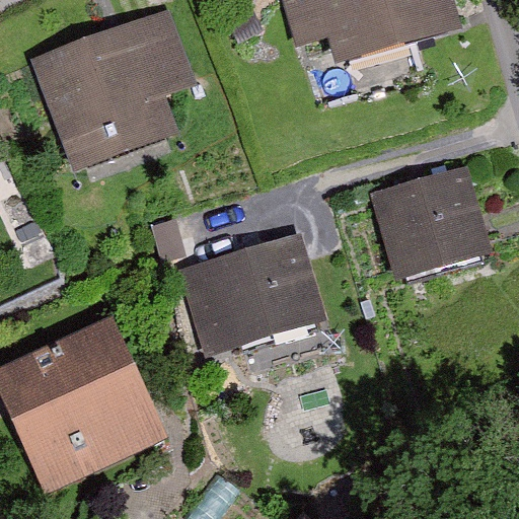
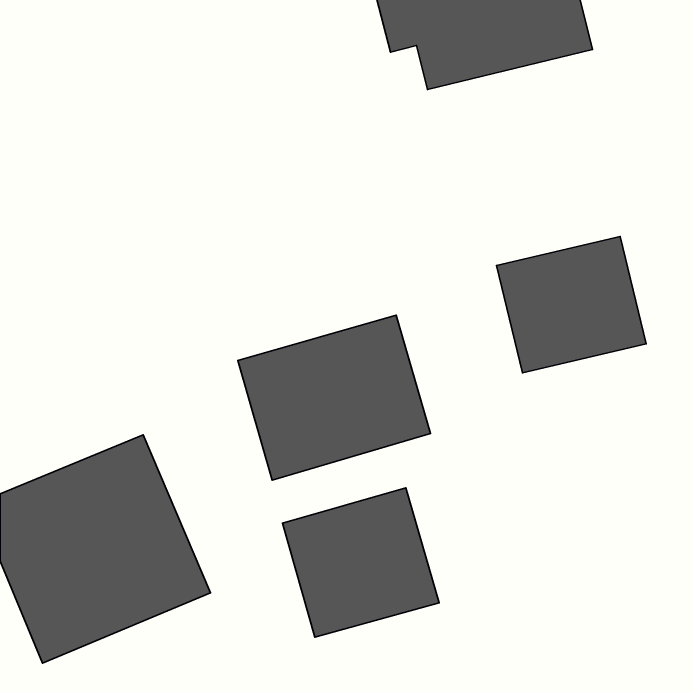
building: [35,10,201,164] -> none
building: none -> [282,488,439,637]

